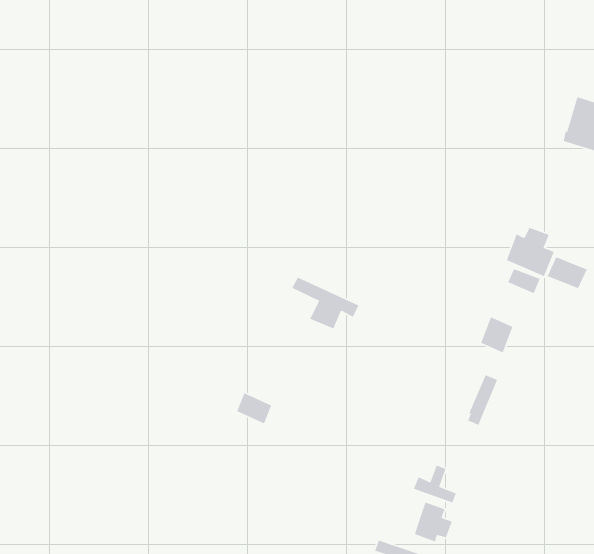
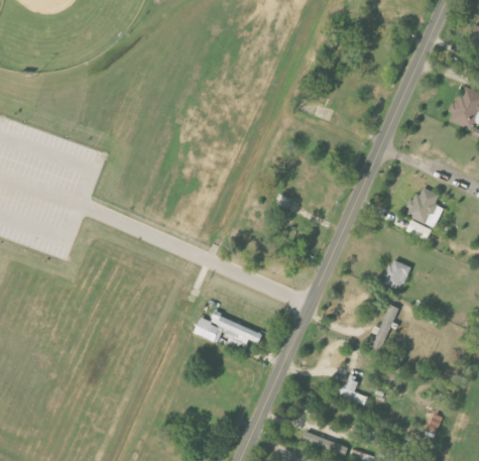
building: [547,256,588,289] -> none
building: [291,277,360,330] -> [210,312,263,353]
building: [414,501,453,543] -> none

